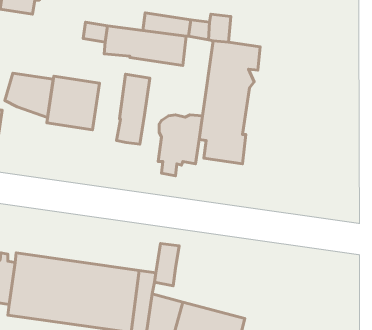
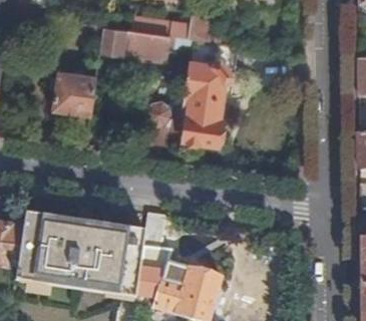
building: [5,73,53,118] -> none
building: [116,74,150,144] -> none

